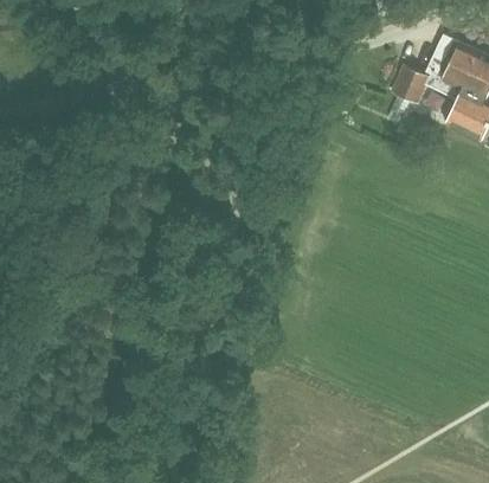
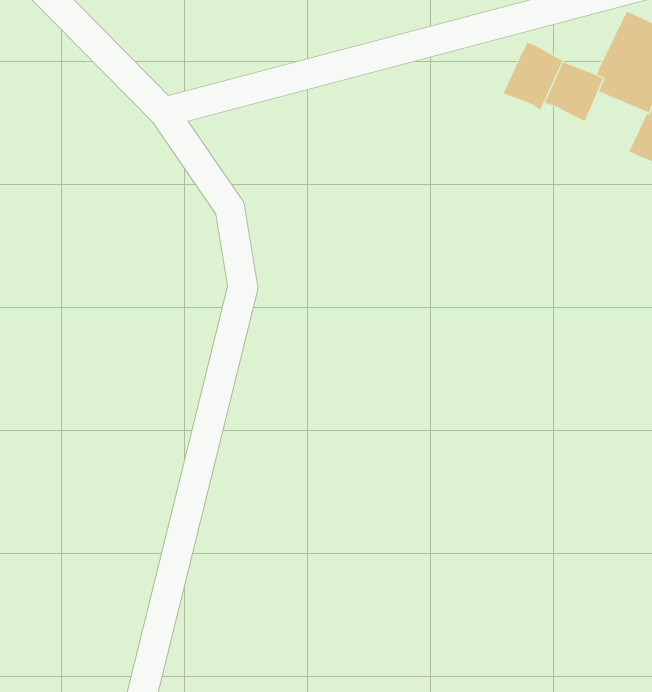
building: none -> [503,42,563,110]

